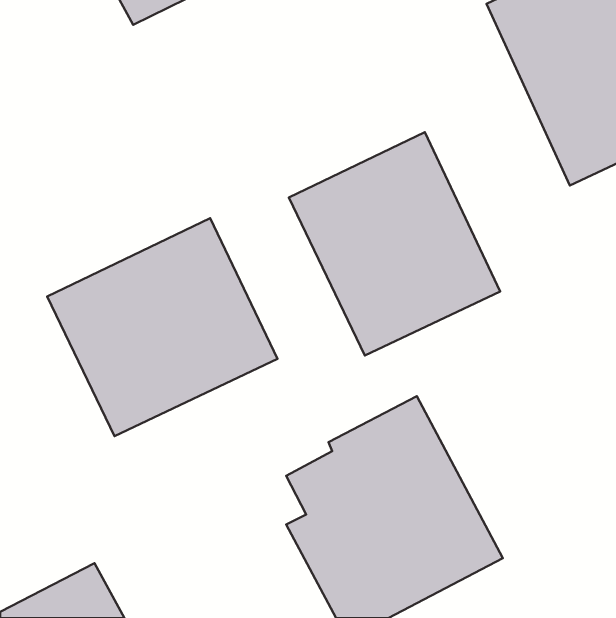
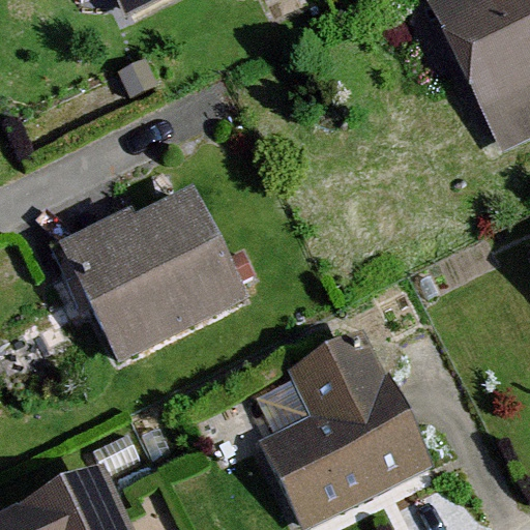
building: [289,132,500,356] -> none

